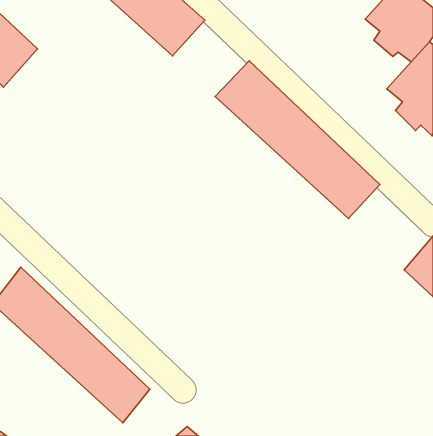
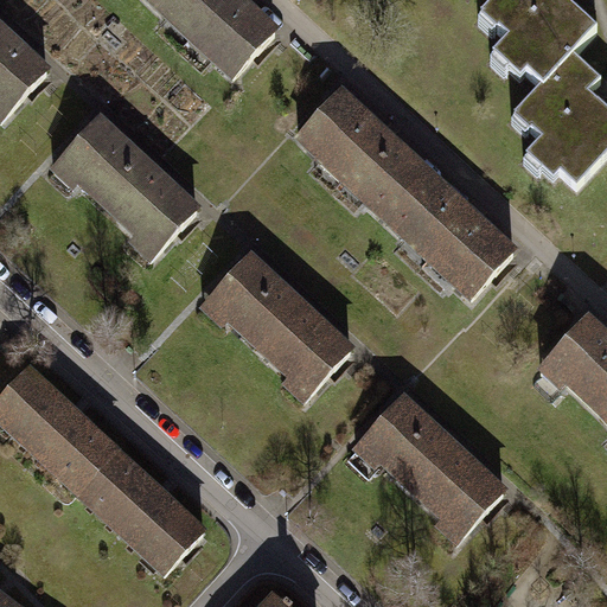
building: none -> [45,106,200,254]
building: none -> [199,249,353,400]
building: none -> [351,389,506,543]

